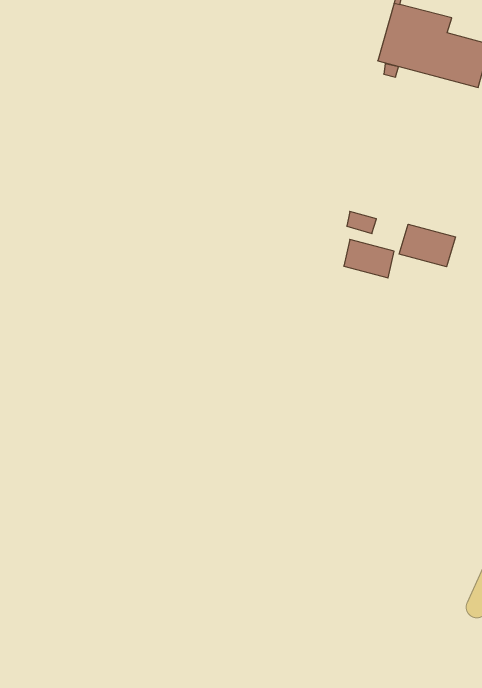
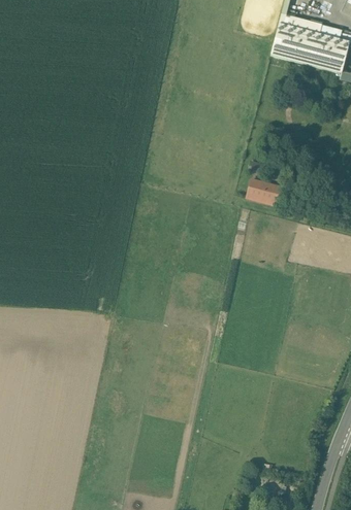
building: [399,224,456,267] -> none

